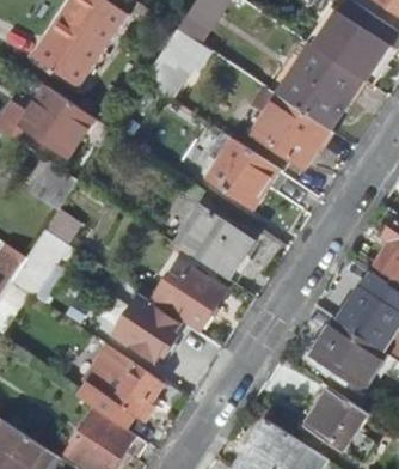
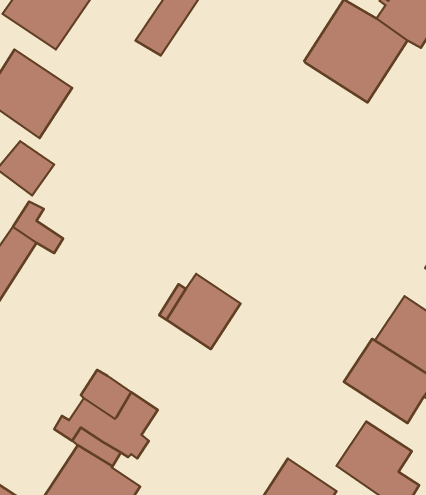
building: [254,97,329,168] -> none
building: [208,140,281,203] -> none
building: [174,208,250,279] -> none
building: [121,296,177,361] -> none

